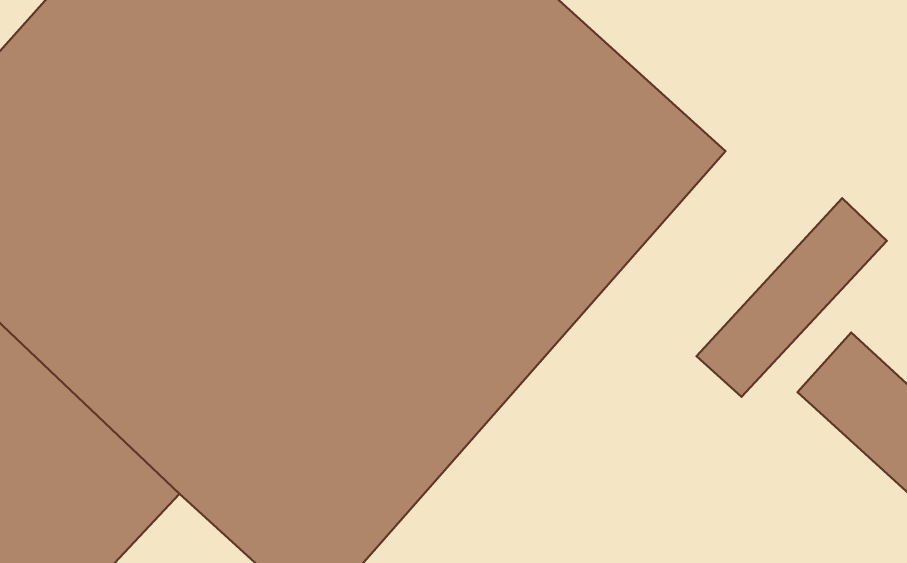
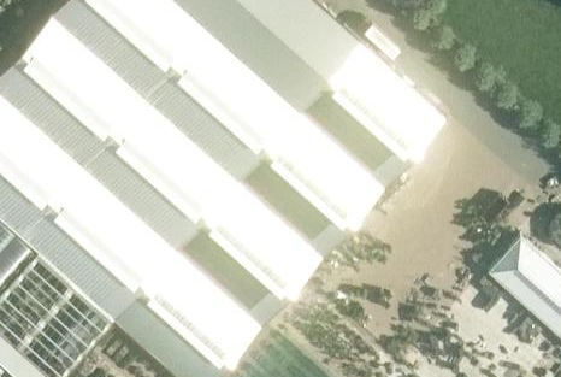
building: [697,198,887,397] -> none

